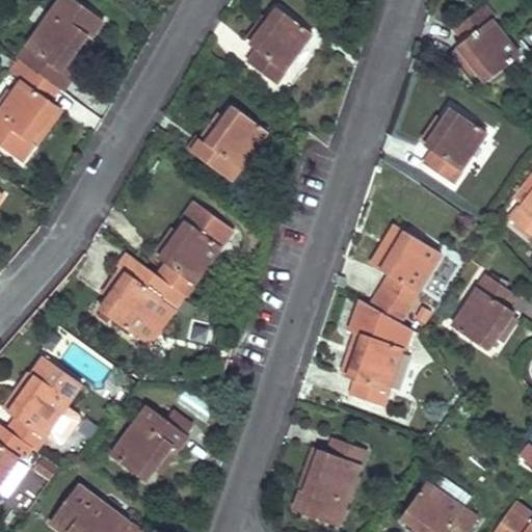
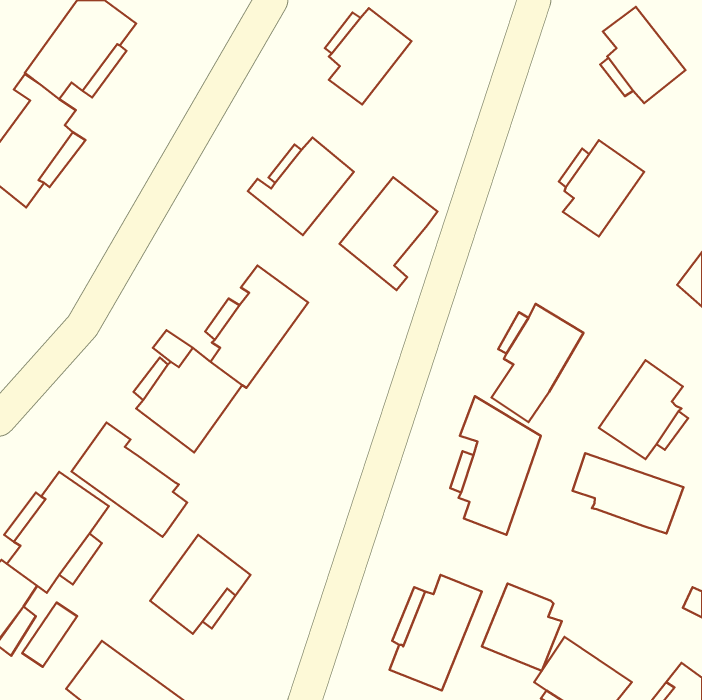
building: none -> [339,177,437,290]
building: none -> [72,423,187,537]
building: none -> [572,453,684,534]
building: none -> [482,583,562,671]

